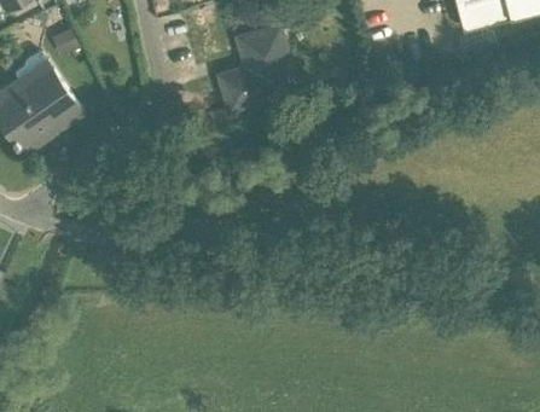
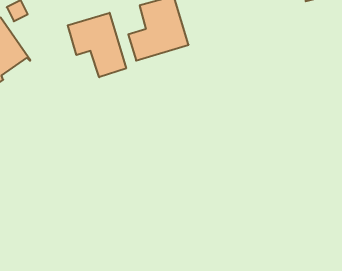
building: none -> [68,13,126,77]

